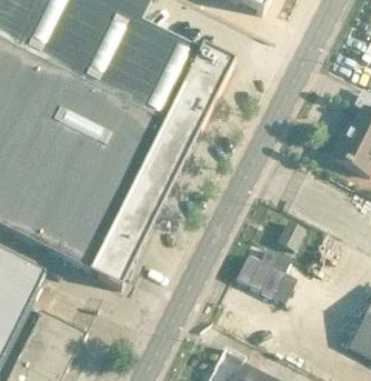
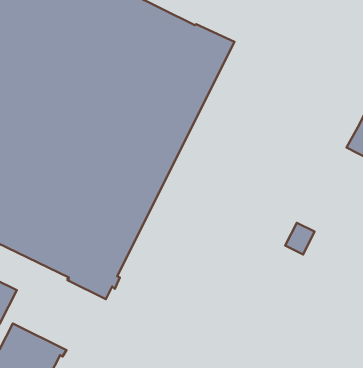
building: [234,248,294,301] -> none

